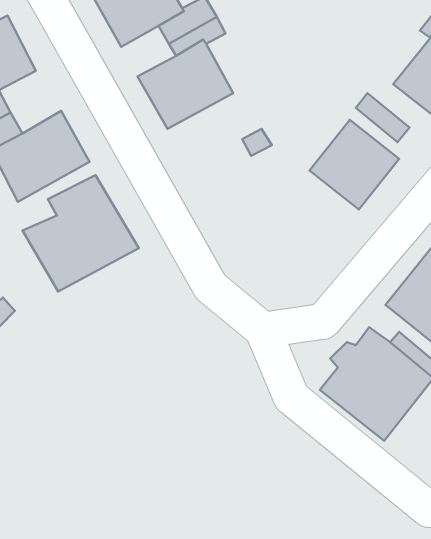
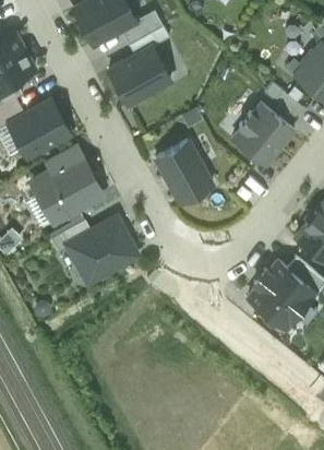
building: none -> [153,139,216,205]
building: none -> [62,213,142,286]

